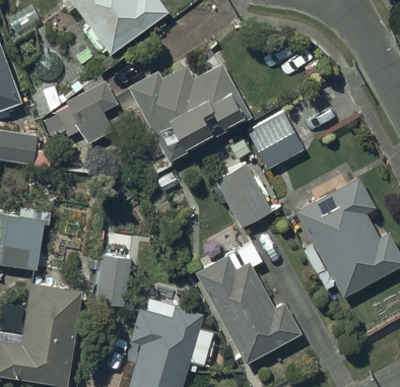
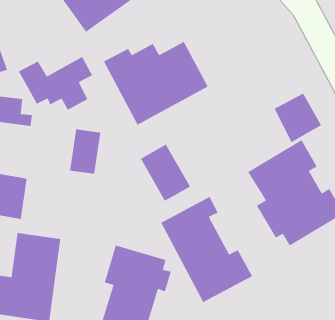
building: [248,112,304,170] -> [273,93,322,143]
building: [214,163,273,230] -> [140,143,191,202]
building: [95,254,132,307] -> [69,129,101,175]

